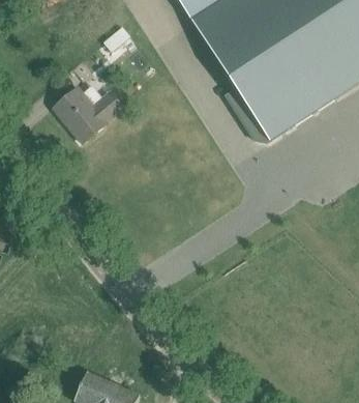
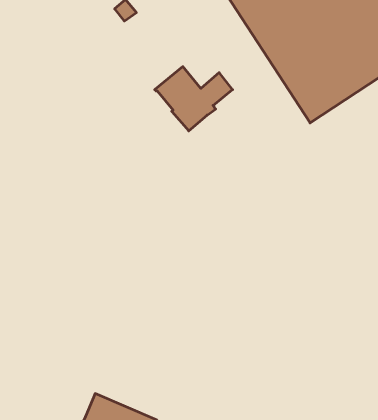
building: [54,87,120,142] -> [155,67,233,131]

